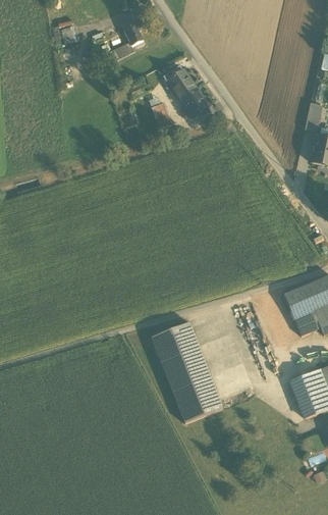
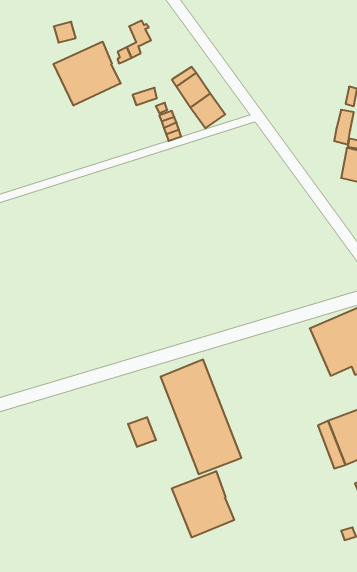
building: none -> [54,42,121,106]
building: none -> [128,417,156,447]
building: none -> [172,471,234,537]

